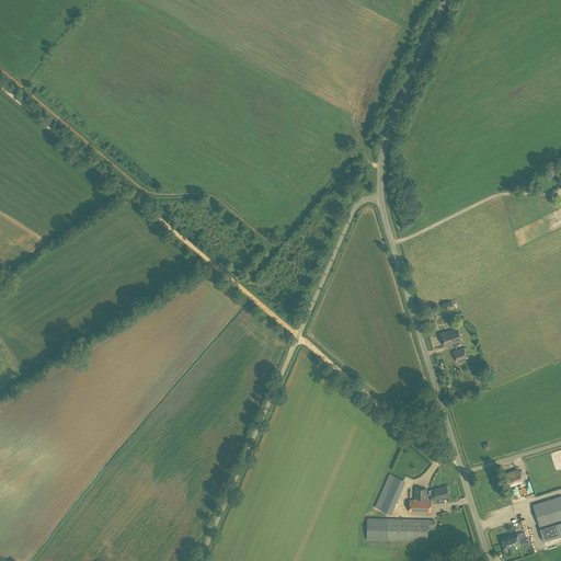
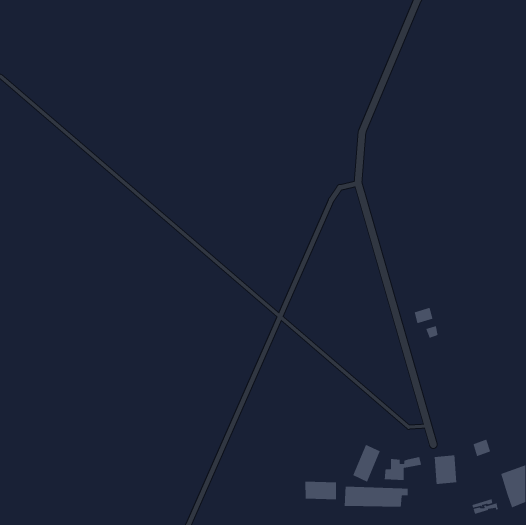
building: none -> [434,454,457,485]
building: none -> [305,481,337,500]

